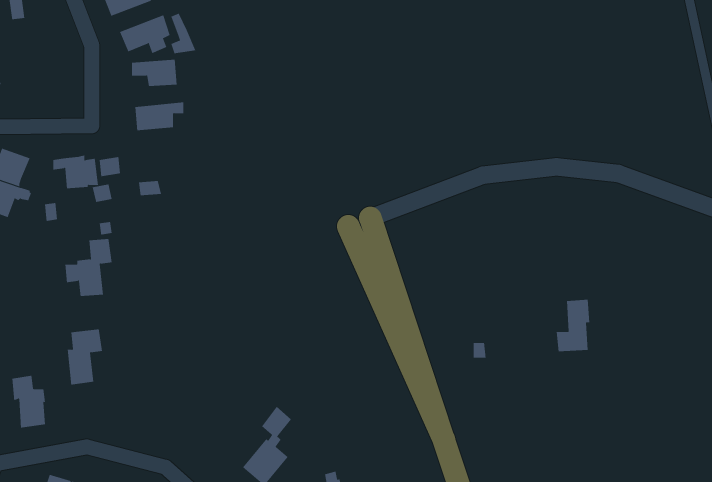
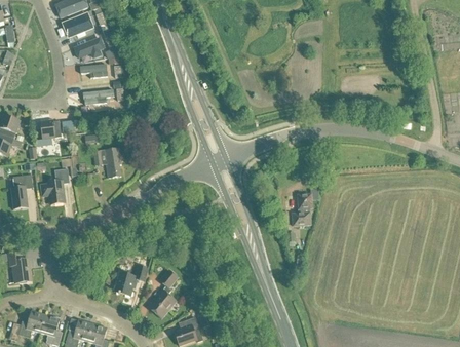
building: none -> [94,148,121,178]
building: [556,299,590,352] -> [291,193,311,225]
building: [67,329,103,385] -> [10,175,32,208]
building: none -> [113,265,147,296]

